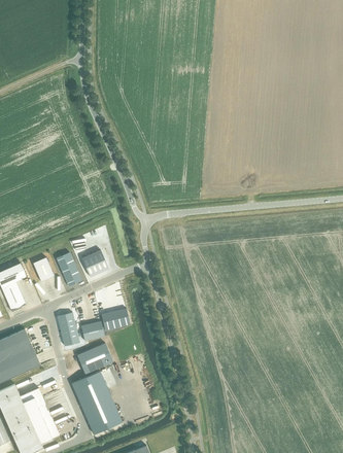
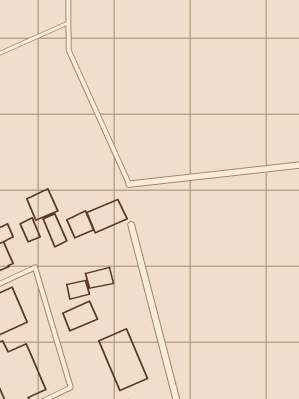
building: none -> [27,189,58,220]
building: none -> [87,200,127,233]
building: [58,312,79,346] -> none
building: [72,371,123,434] -> [99,329,147,390]

